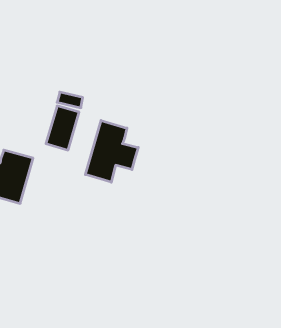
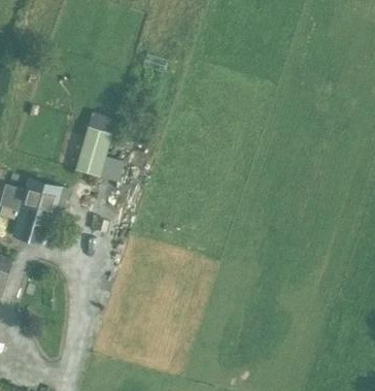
building: [85,120,138,182] -> none

